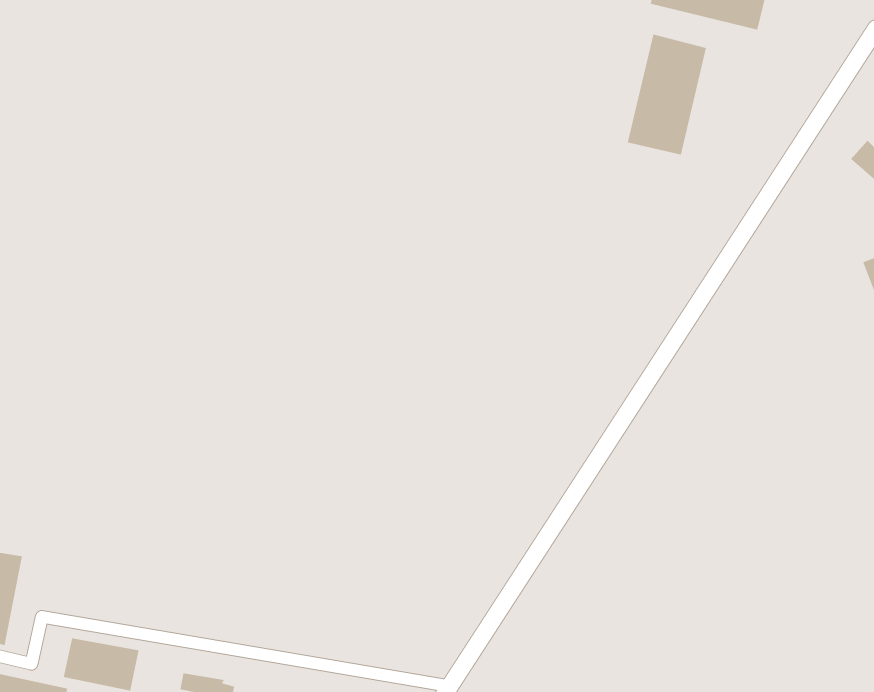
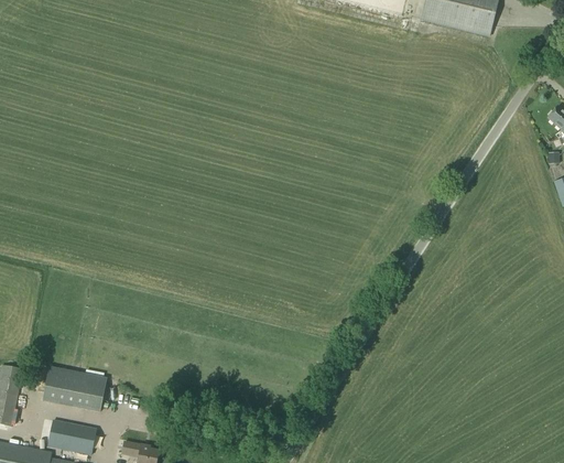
building: [627,33,707,155] -> none
building: none -> [42,366,107,411]

